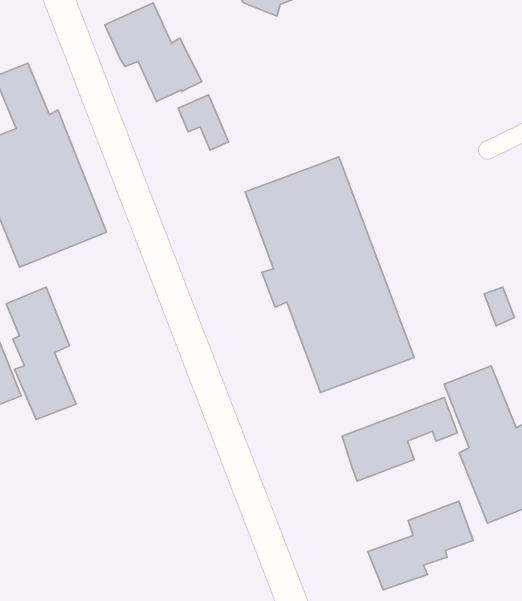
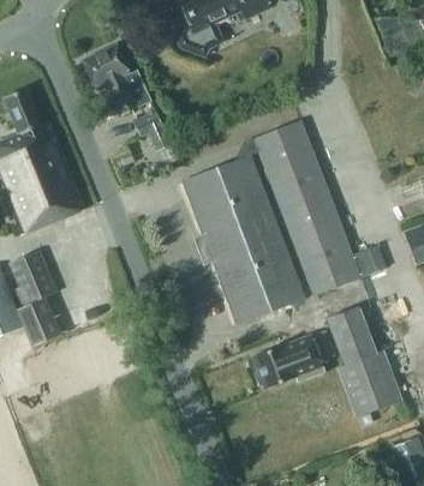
building: none -> [253,121,358,295]
building: [368,501,473,590] -> none

